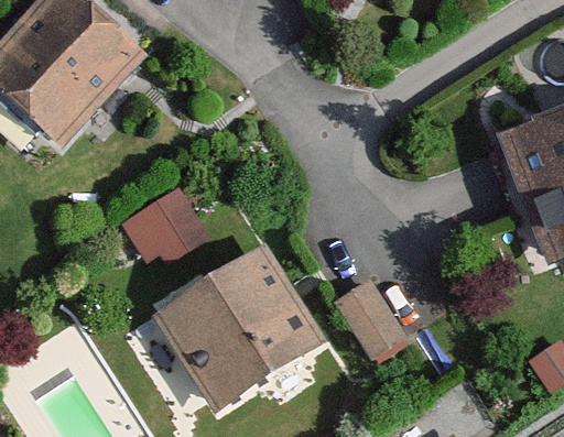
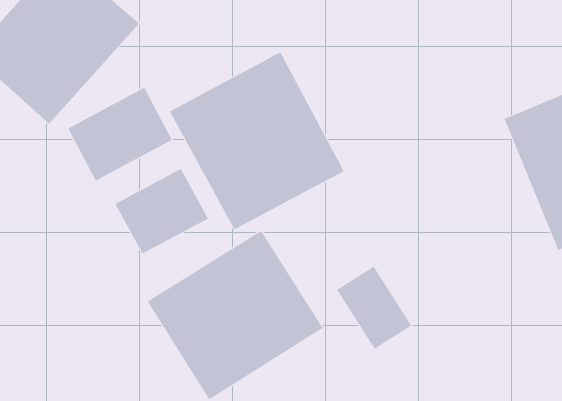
building: none -> [169,51,345,230]
building: none -> [68,87,172,181]

